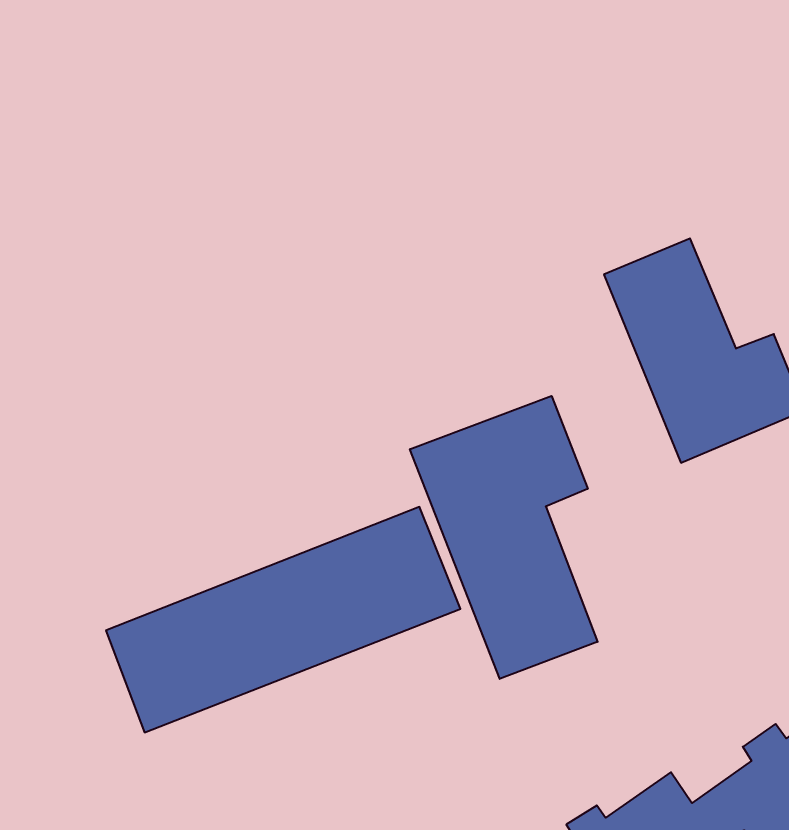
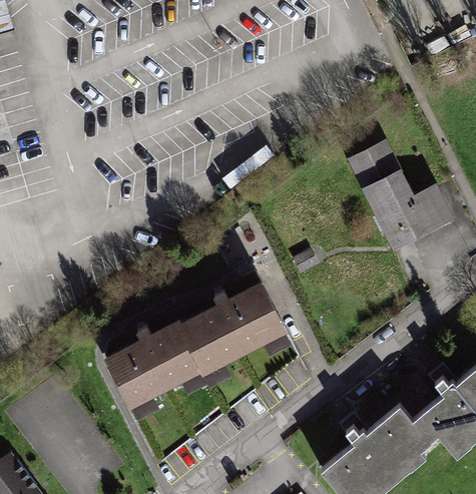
building: [410,396,598,679] -> none

